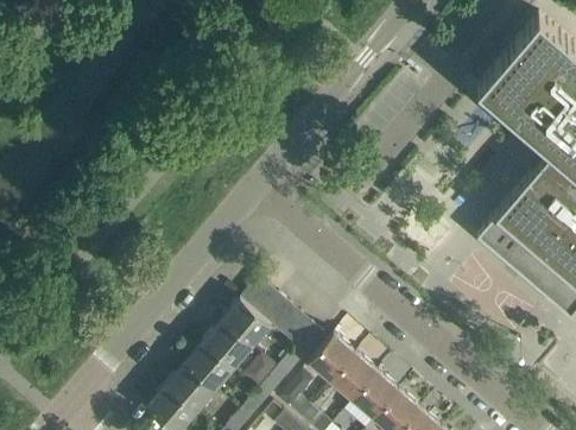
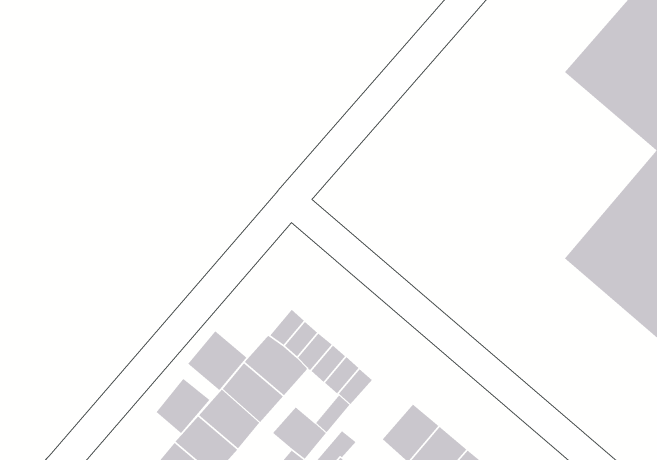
building: none -> [187,330,247,391]
building: none -> [155,378,211,434]
building: [308,334,355,382] -> none

